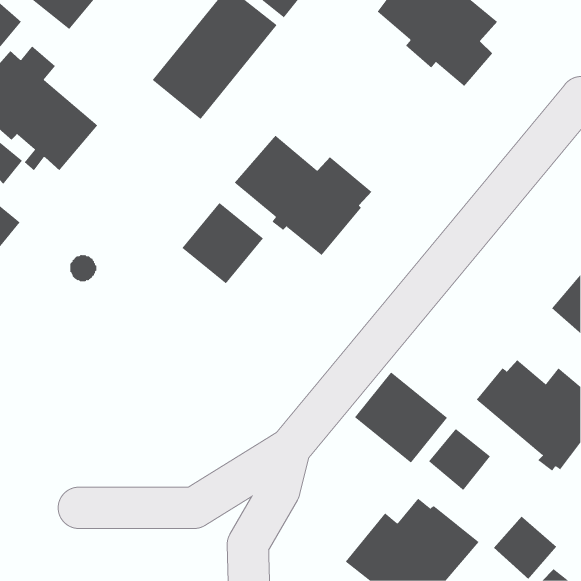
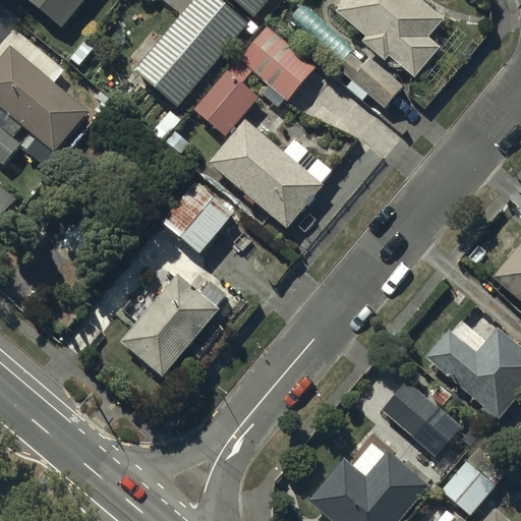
building: none -> [192,26,315,136]
building: none -> [338,53,403,107]
building: none -> [120,266,226,377]
building: [354,372,448,463] -> none

